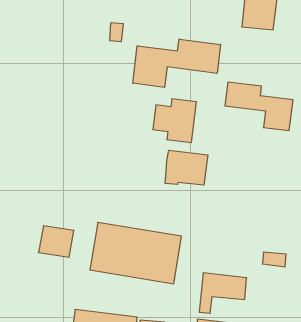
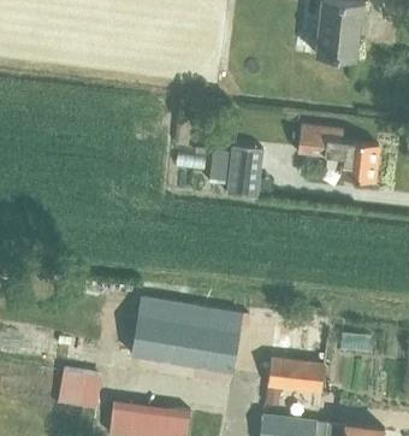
building: [133,39,221,87] -> none
building: [165,150,208,185] -> none
building: [38,226,74,257] -> [58,371,101,410]

